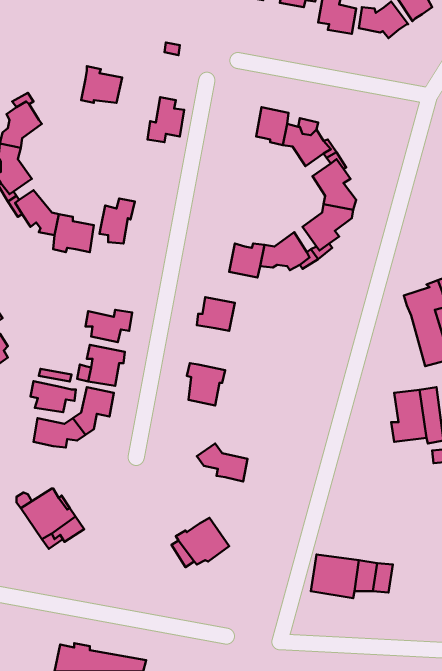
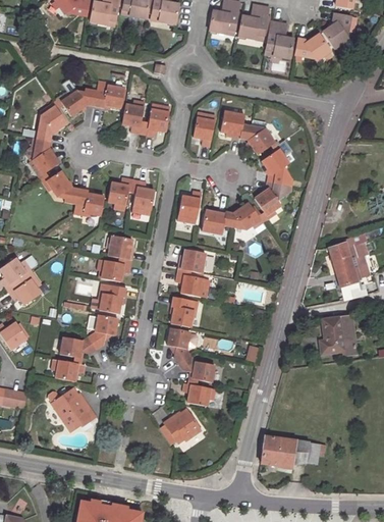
building: none -> [61,89,98,116]
building: none -> [122,101,145,135]
building: none -> [194,113,215,147]
building: none -> [130,179,154,214]
building: none -> [178,191,202,223]
building: none -> [108,236,133,260]
building: none -> [176,269,209,296]
building: [31,381,76,412] -> [52,359,85,381]
building: none -> [168,328,191,364]
building: none -> [183,383,216,406]

